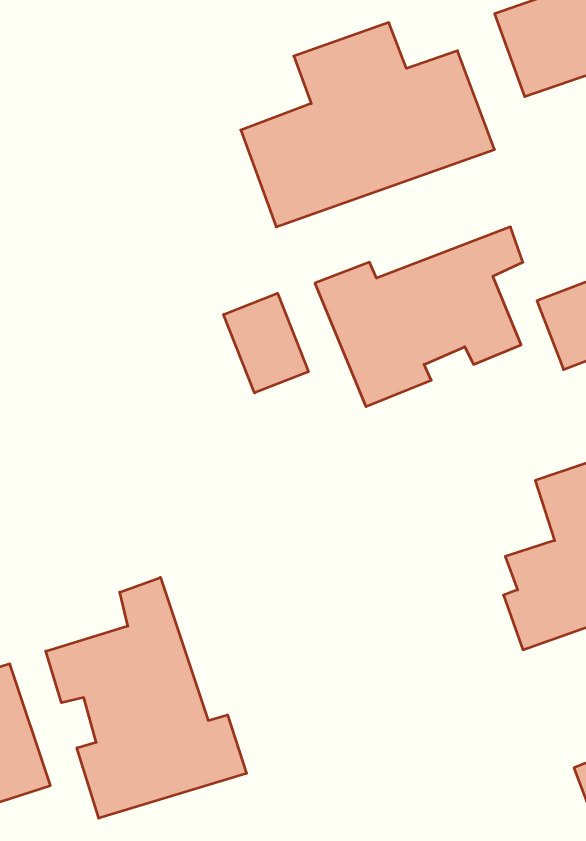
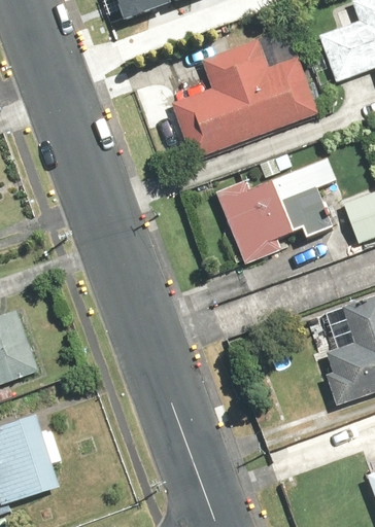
building: [224,293,308,393] -> none
building: [46,577,247,818] -> none

